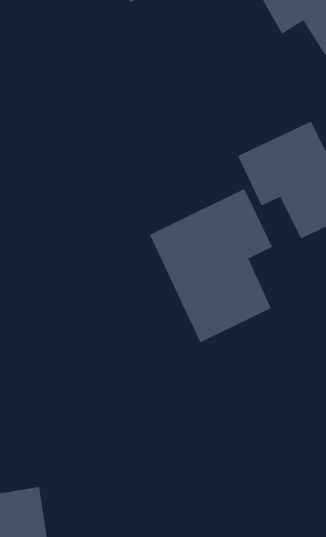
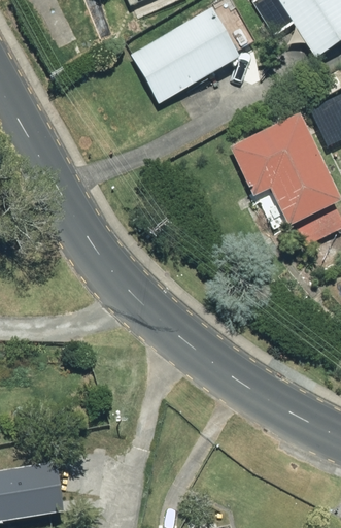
building: none -> [132,8,240,102]
building: [149,188,273,343] -> none

